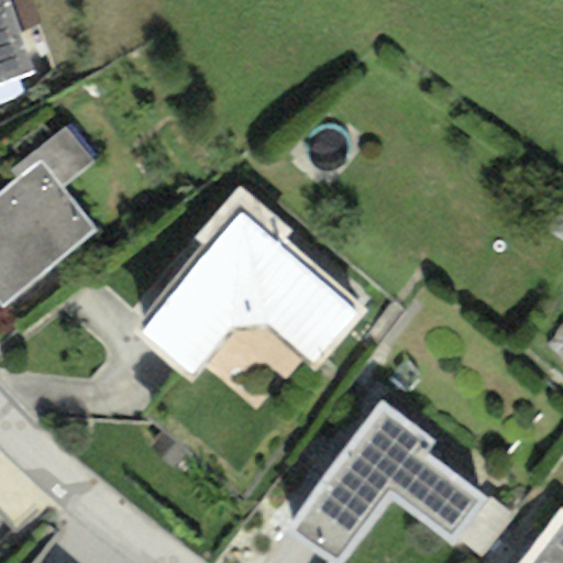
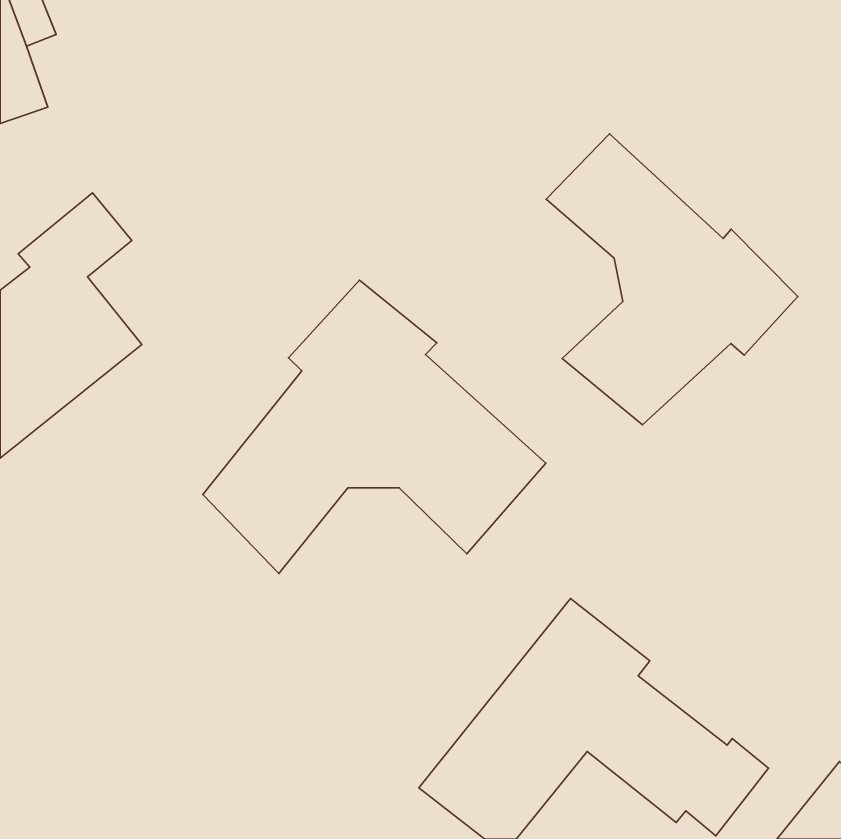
building: none -> [546,134,798,425]

